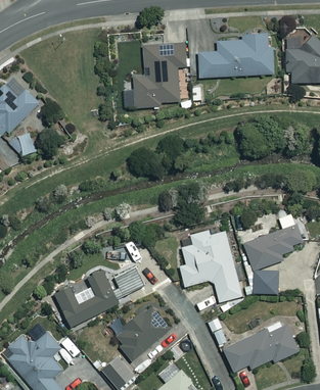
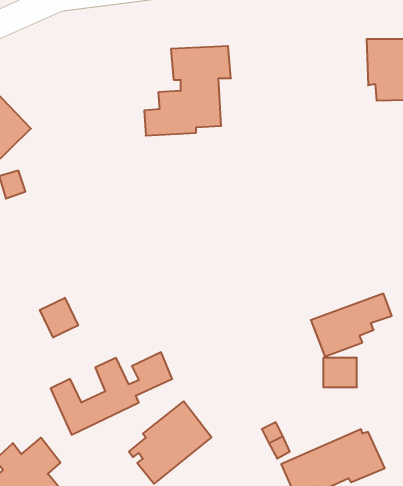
building: [197,33,274,78] -> none
building: none -> [40,298,78,338]
building: [179,230,241,302] -> none

